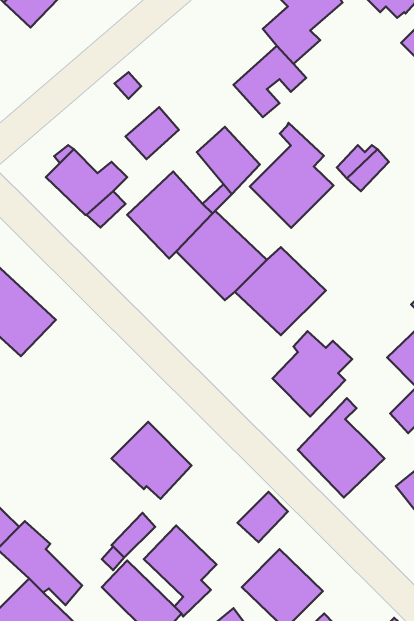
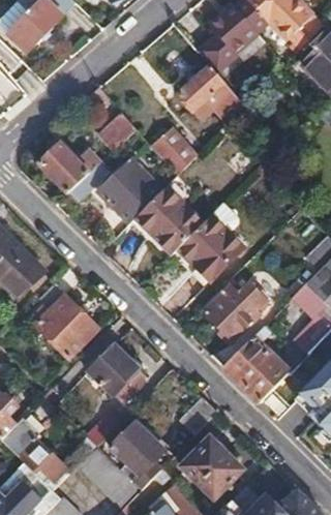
building: [250,123,333,228] -> none
building: none -> [30,281,99,358]

